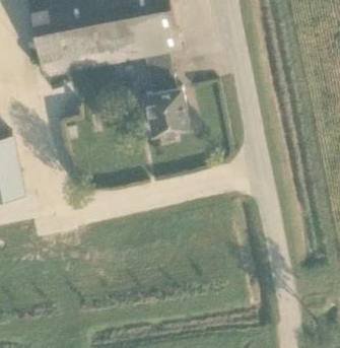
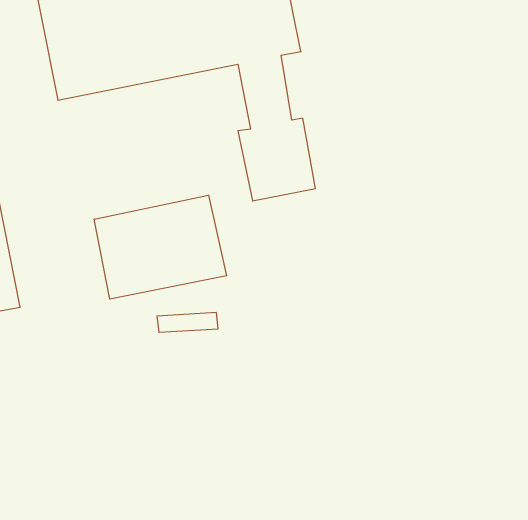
building: none -> [94,195,227,299]

